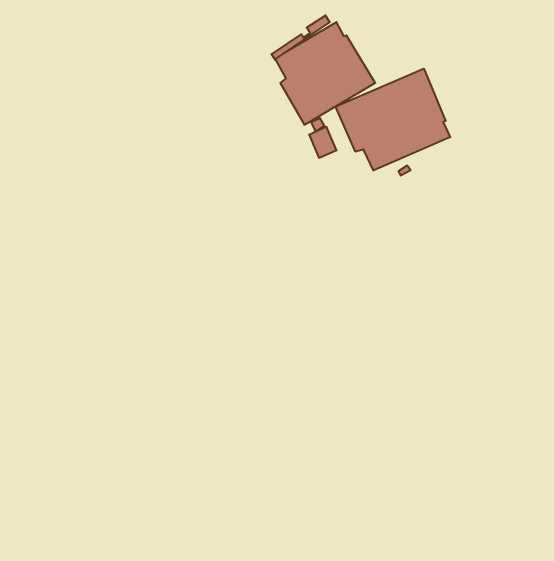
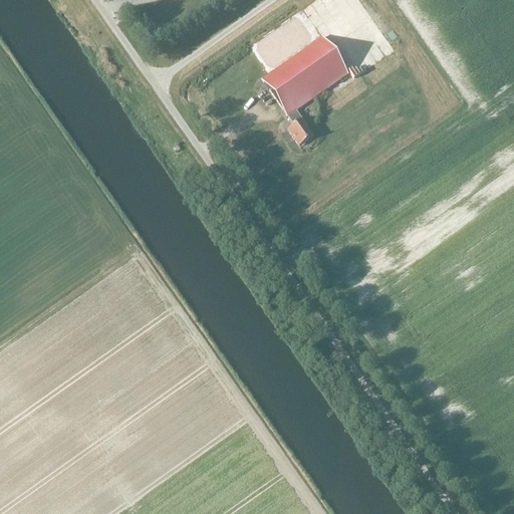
building: [336,69,450,170] -> none

